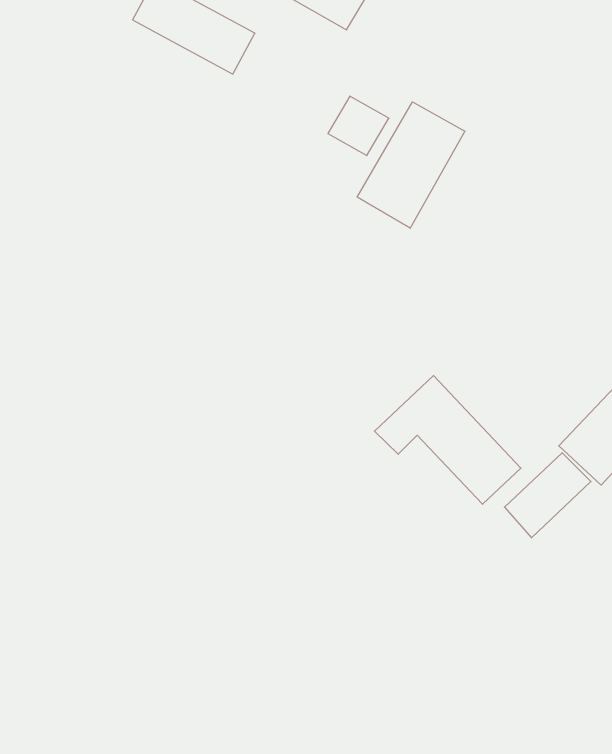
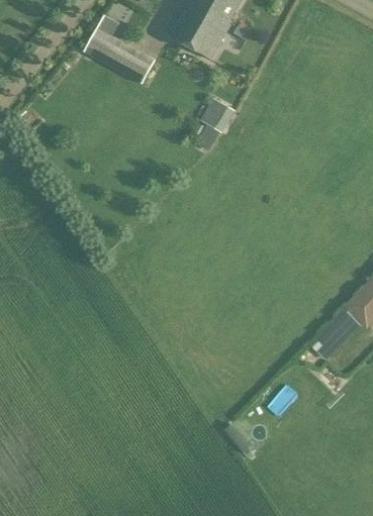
building: [357,102,465,228] -> none
building: [374,376,521,504] -> none

